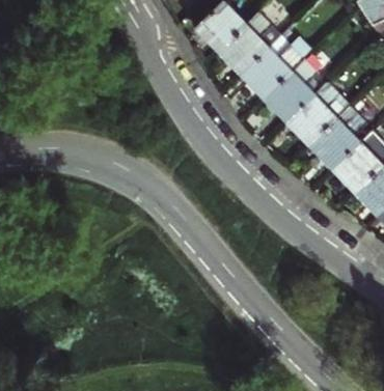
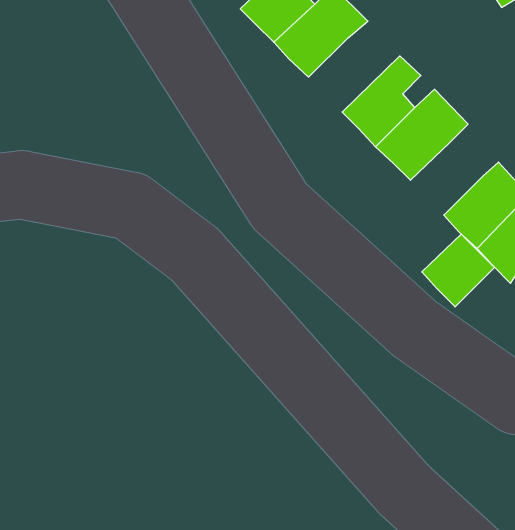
building: [241,47,303,101] -> none
building: [310,121,360,171] -> [422,234,495,307]

